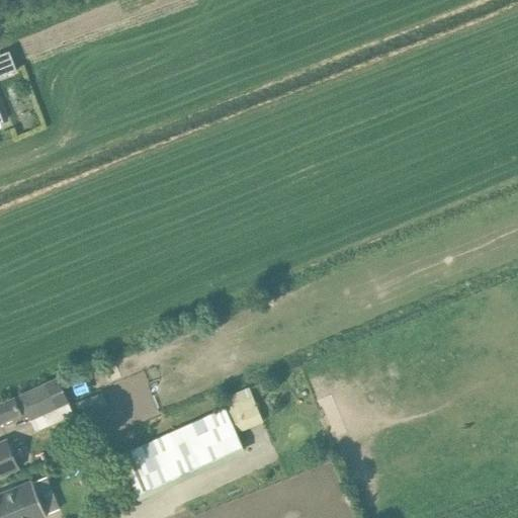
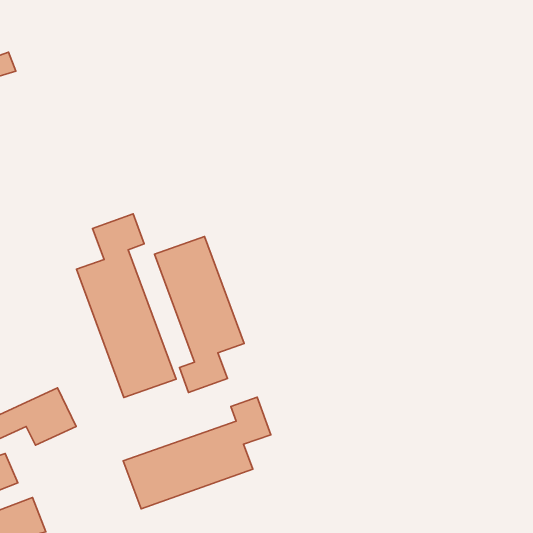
building: none -> [77,214,176,398]
building: none -> [155,236,244,393]

